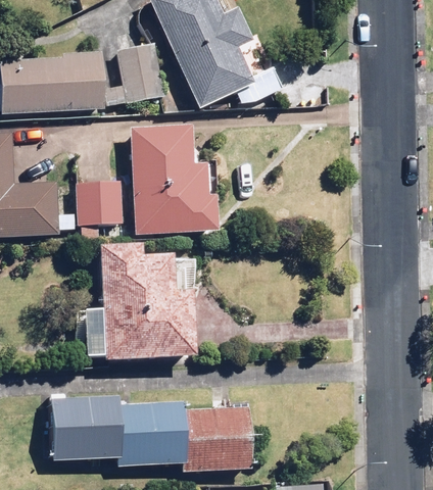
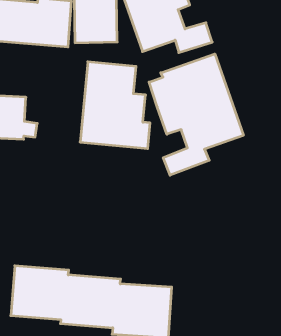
building: none -> [149,54,243,175]
building: [77,183,124,226] -> none
building: [79,245,191,362] -> none

